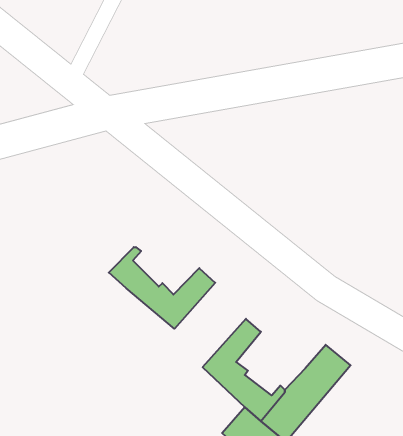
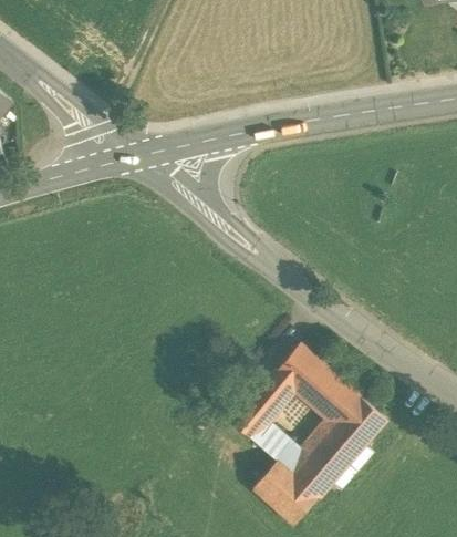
building: [109,247,215,329] -> none
building: none -> [277,345,359,422]

